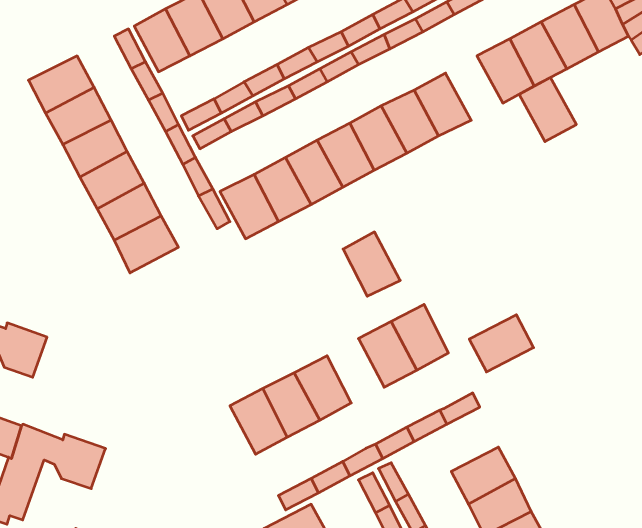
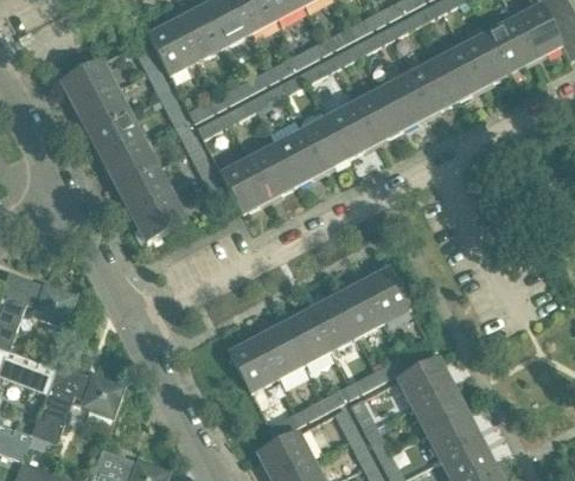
building: [519,77,576,142] -> [408,62,455,115]
building: [343,232,400,296] -> [309,296,357,349]
building: [469,315,534,372] -> [398,359,452,406]

